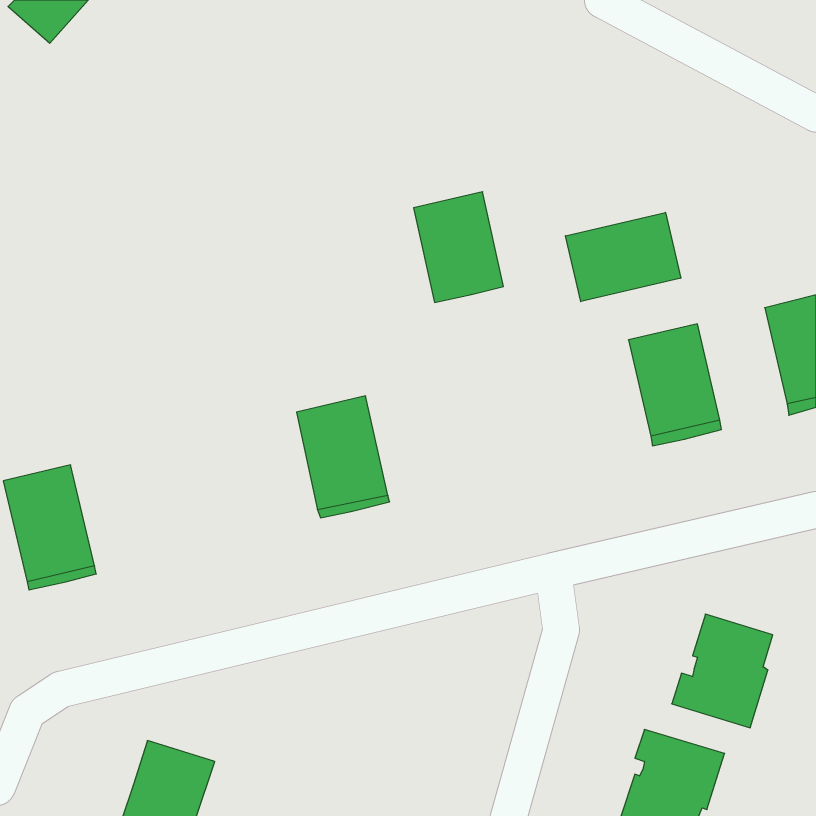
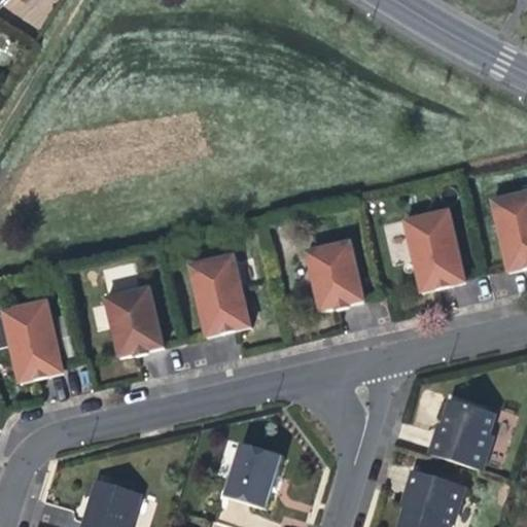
building: [414,192,503,302] -> [303,240,360,311]
building: [565,212,681,302] -> none
building: none -> [104,285,161,355]
building: none -> [224,440,282,505]

